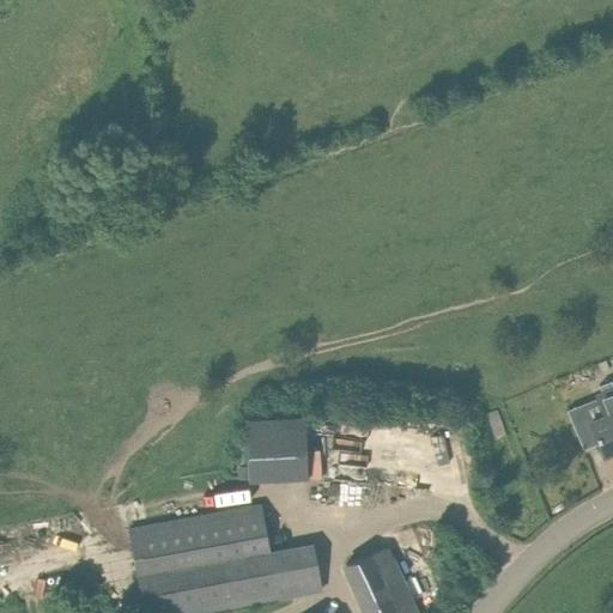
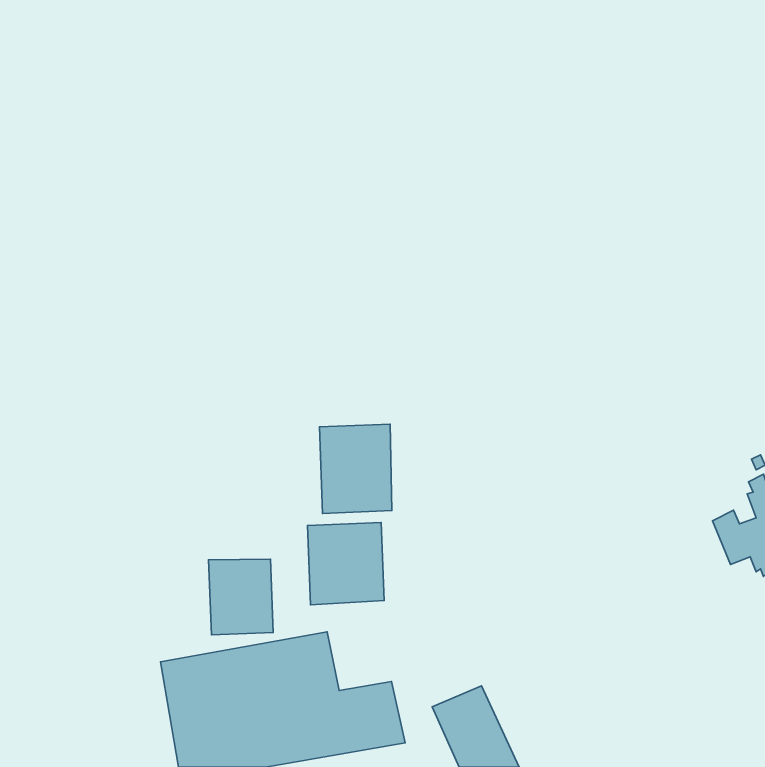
building: none -> [319,424,392,513]
building: none -> [209,559,273,635]

